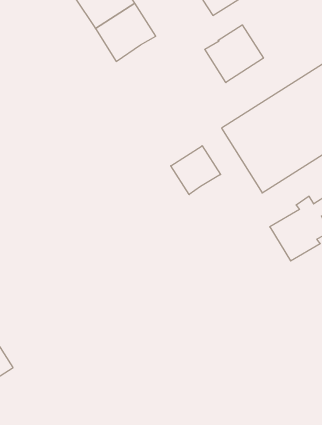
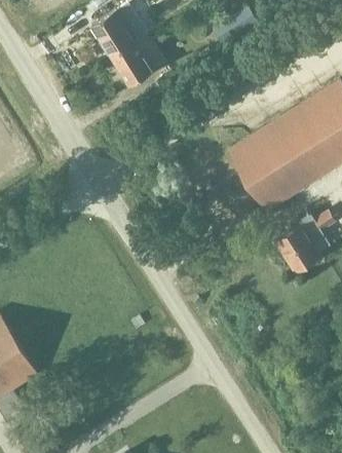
building: [205,25,263,83] -> none
building: [171,146,221,195] -> none

